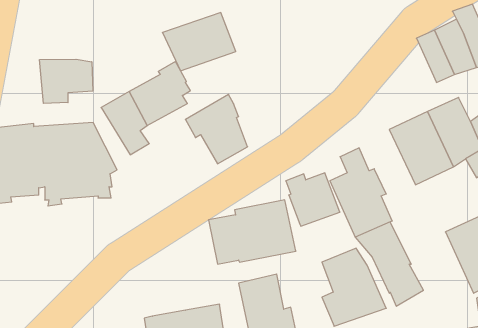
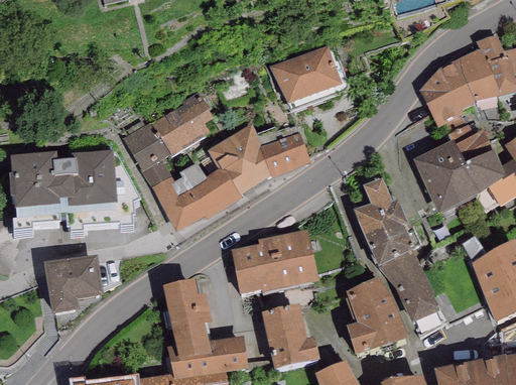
building: [162,13,236,71] -> [268,45,342,104]
building: none -> [419,68,462,128]
building: [40,59,93,103] -> none
building: none -> [150,159,242,231]
building: [286,173,340,226] -> [256,125,310,178]
building: none -> [44,255,103,314]
building: none -> [163,280,212,347]

